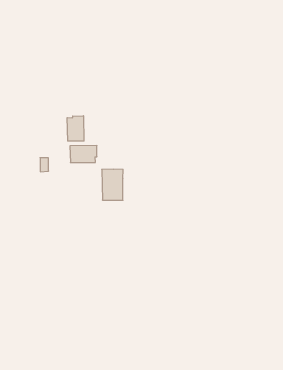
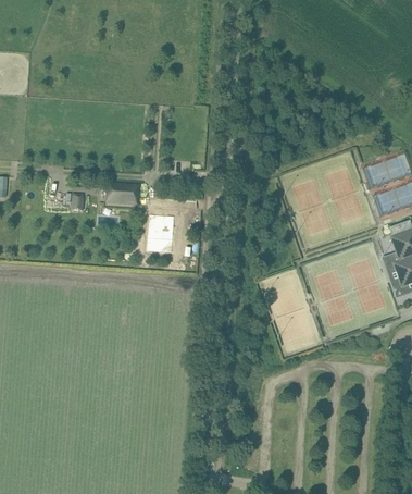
building: [67,116,84,141] -> none

